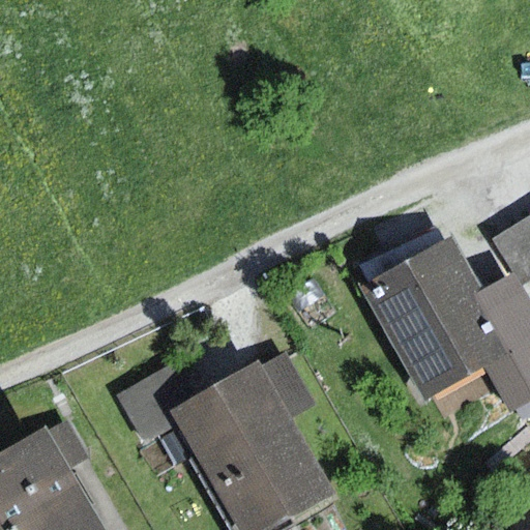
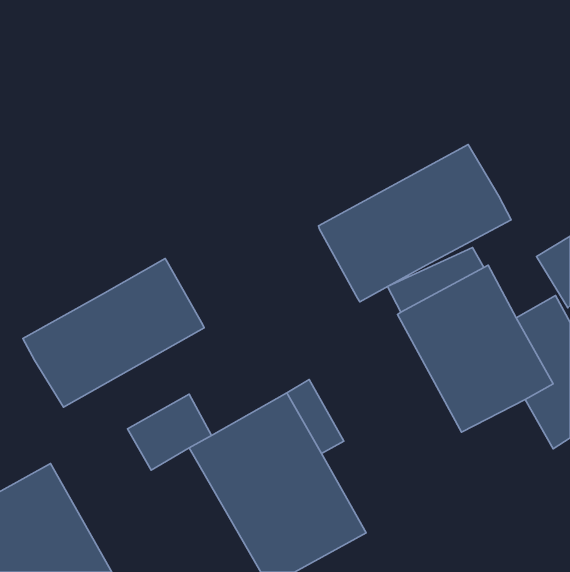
building: none -> [318,145,511,302]
building: none -> [23,259,204,407]

